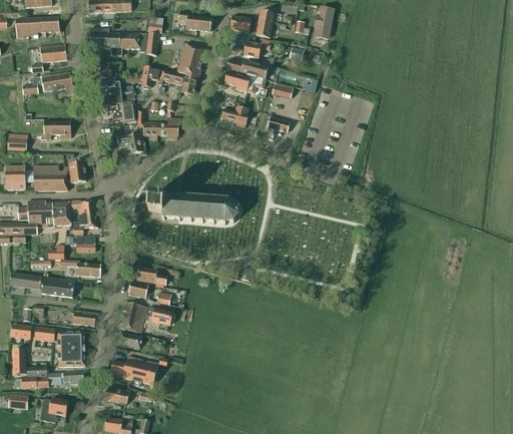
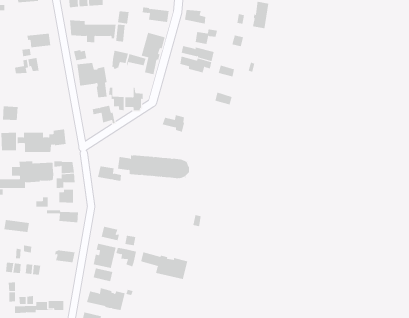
building: [255,10,275,38] -> none
building: [15,16,59,39] -> none
building: [50,71,76,93] -> none
building: [220,105,248,127] -> [162,115,185,133]
building: [41,121,71,139] -> none
building: [136,266,166,285] -> [97,166,122,181]
building: [41,276,74,297] -> none
building: none -> [141,251,188,280]
building: [57,332,85,368] -> none

